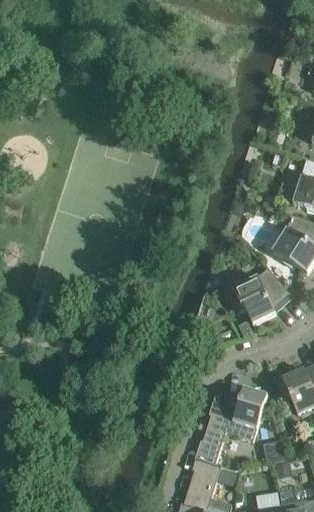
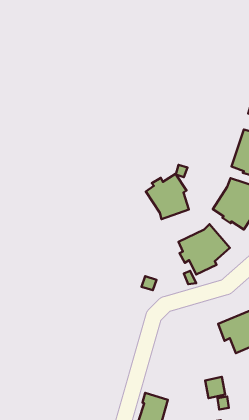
building: none -> [146,174,189,219]
building: [194,389,267,468] -> none

